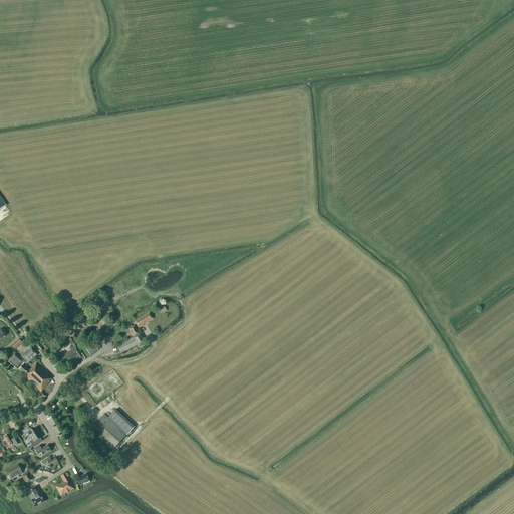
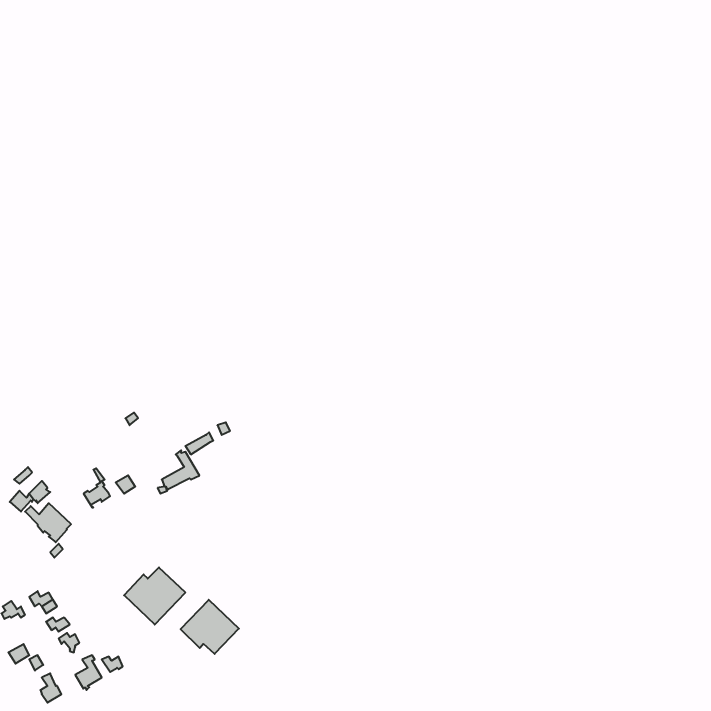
building: none -> [181,600,239,654]

